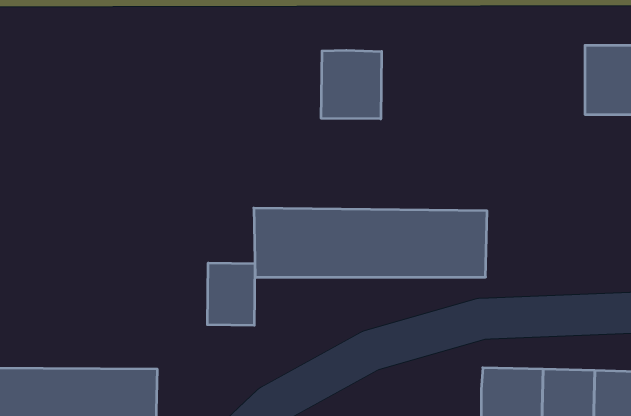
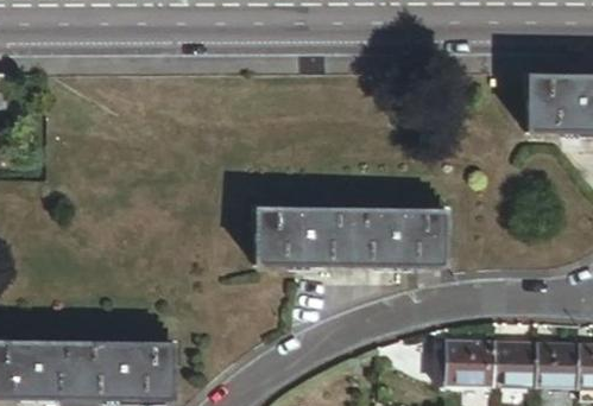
building: [321,50,382,119] -> none
building: [207,263,255,325] -> none

